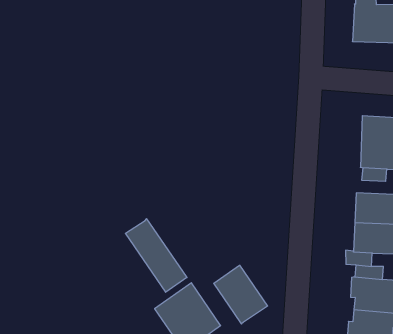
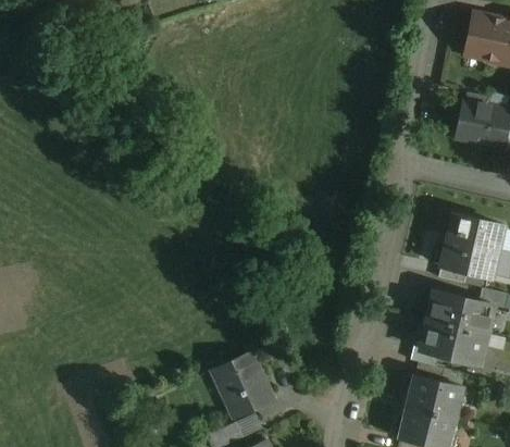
building: [125,219,187,292] -> none
building: [214,265,268,324] -> none

